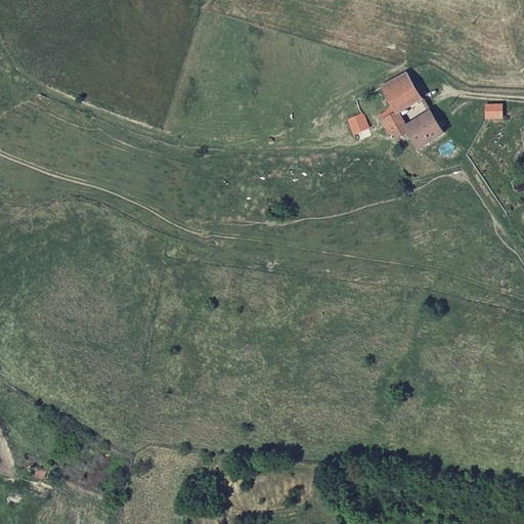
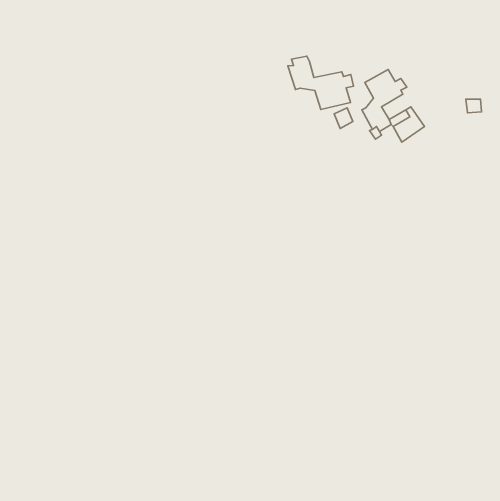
building: none -> [288,56,353,110]

